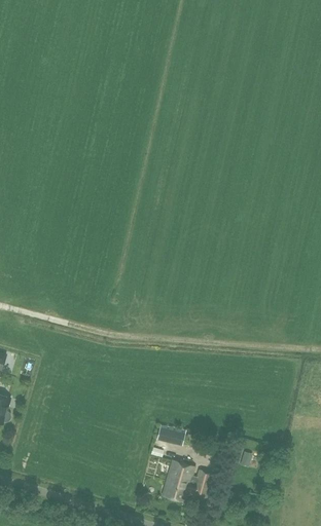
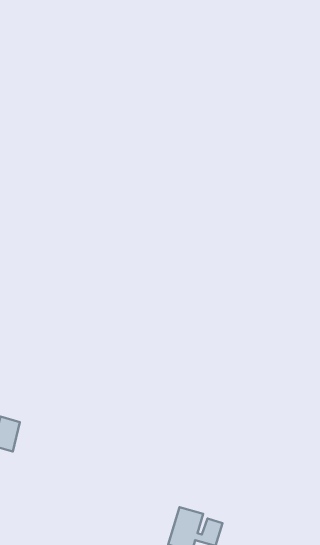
building: [155,424,185,446] -> none

